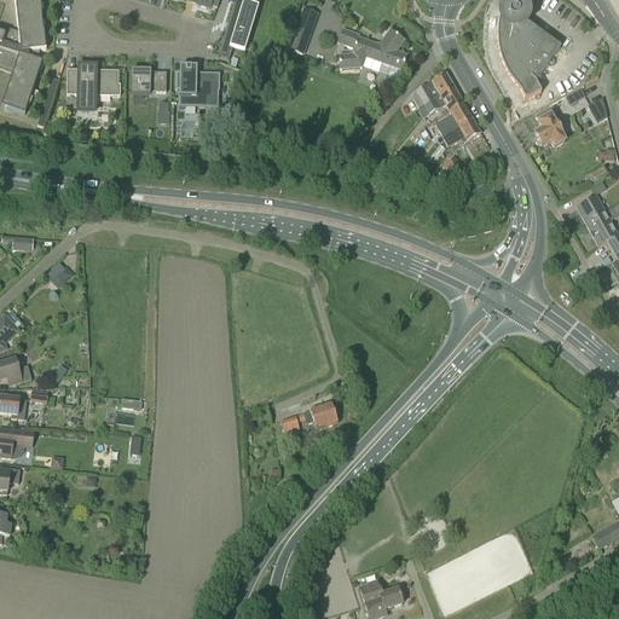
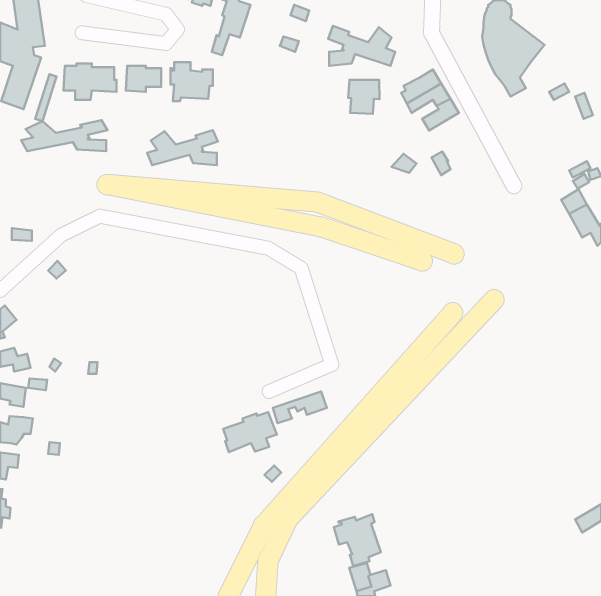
building: none -> [348,80,379,114]
building: [534,104,567,145] -> none
building: [441,116,480,145] -> none
building: none -> [21,120,108,151]
building: none -> [147,130,218,165]
building: none -> [223,412,277,452]
building: none -> [334,514,381,566]

